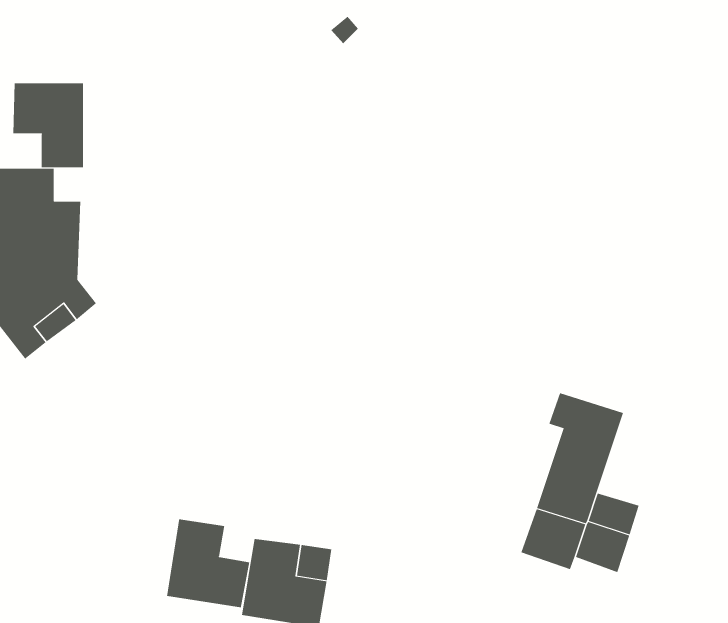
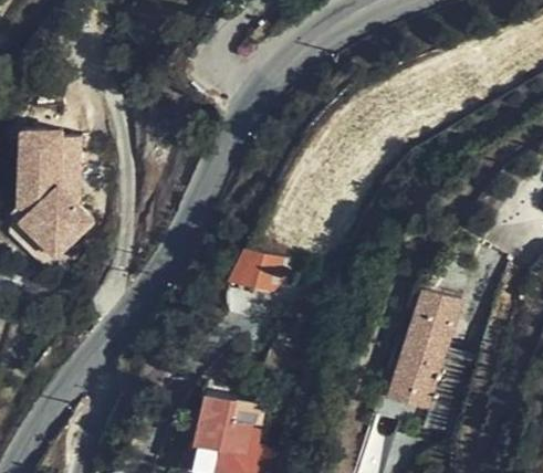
building: [13,83,84,168] -> none
building: none -> [233,250,296,295]
building: [166,518,250,608] -> none

